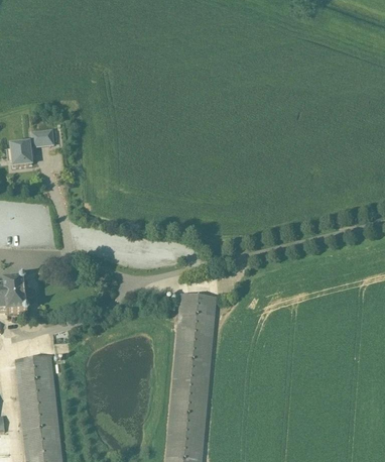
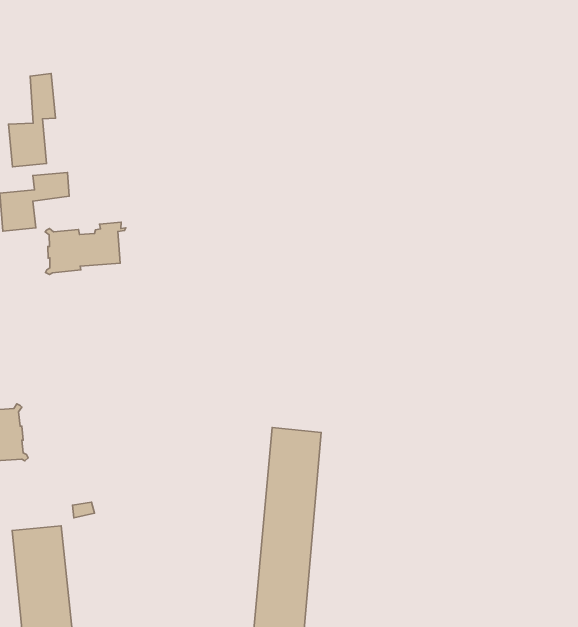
building: none -> [9,73,55,167]
building: none -> [45,222,126,274]

